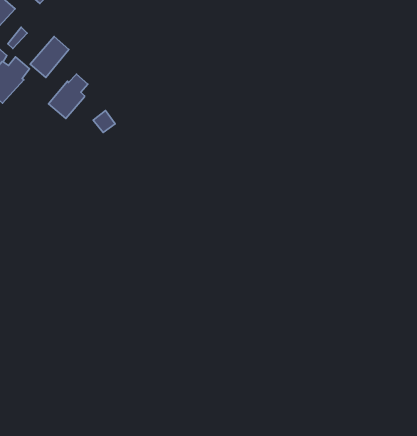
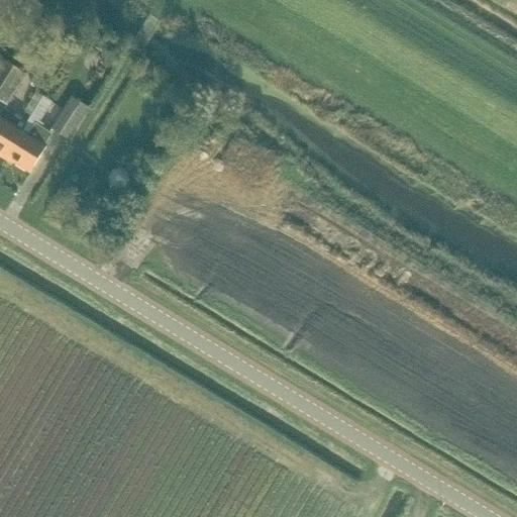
building: [49,74,88,119] -> none

